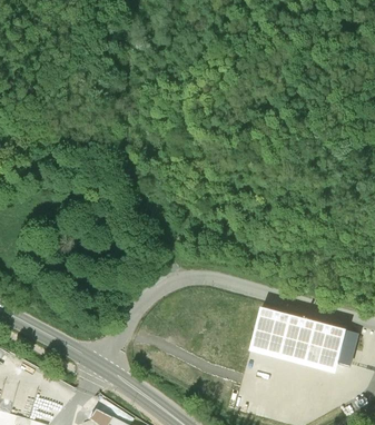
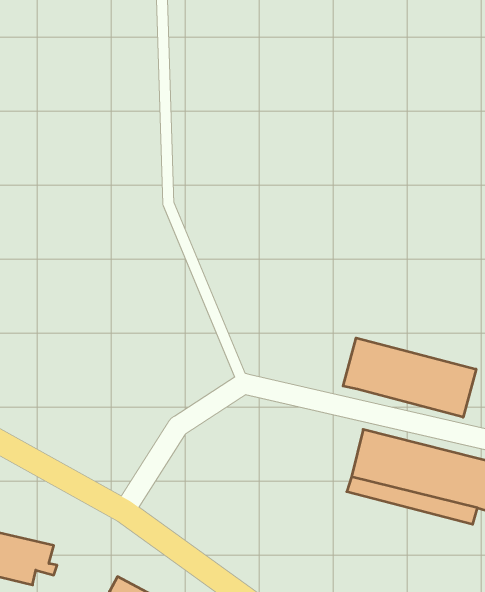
building: none -> [343,338,476,417]

